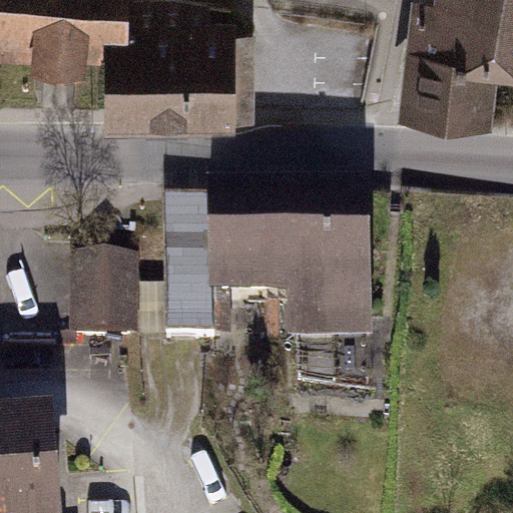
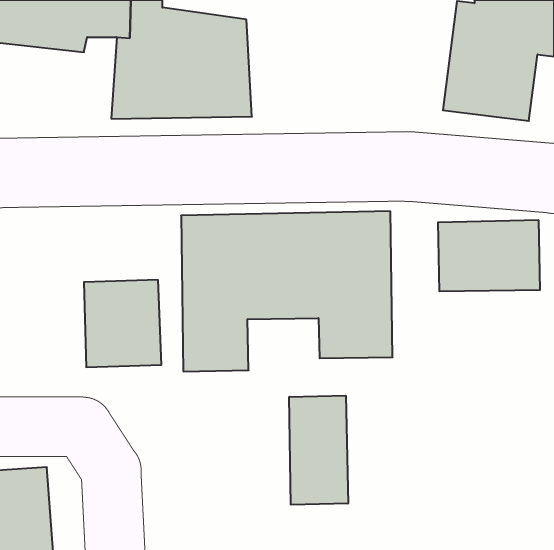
building: none -> [438,220,540,291]
building: none -> [289,396,348,505]

